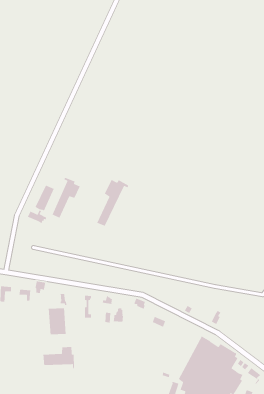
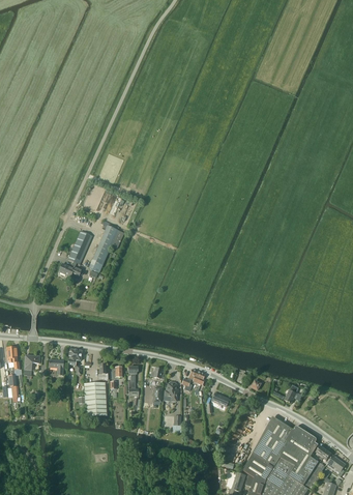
building: [96,179,129,227] -> none
building: [43,346,75,369] -> none

